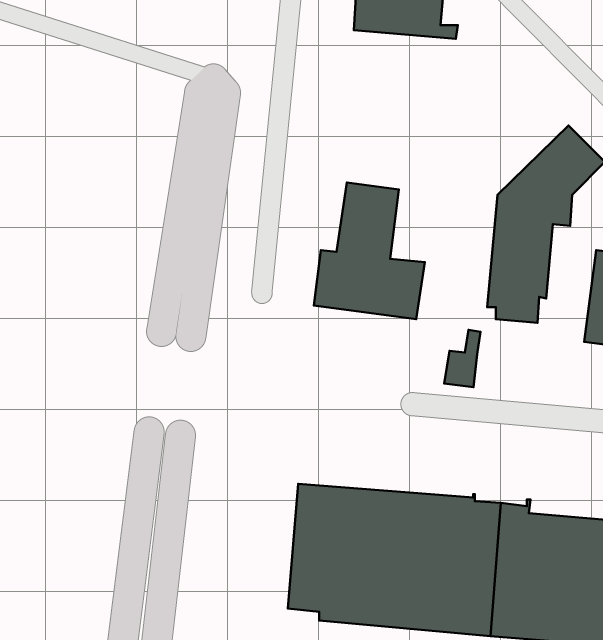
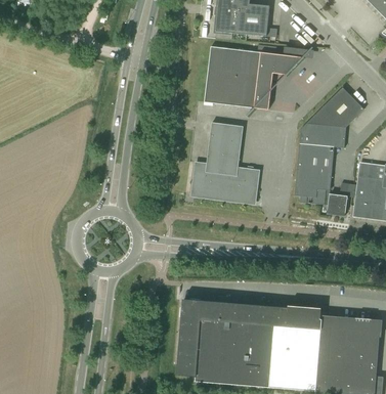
building: none -> [205,46,304,110]
building: [444,330,481,387] -> [327,182,348,216]

